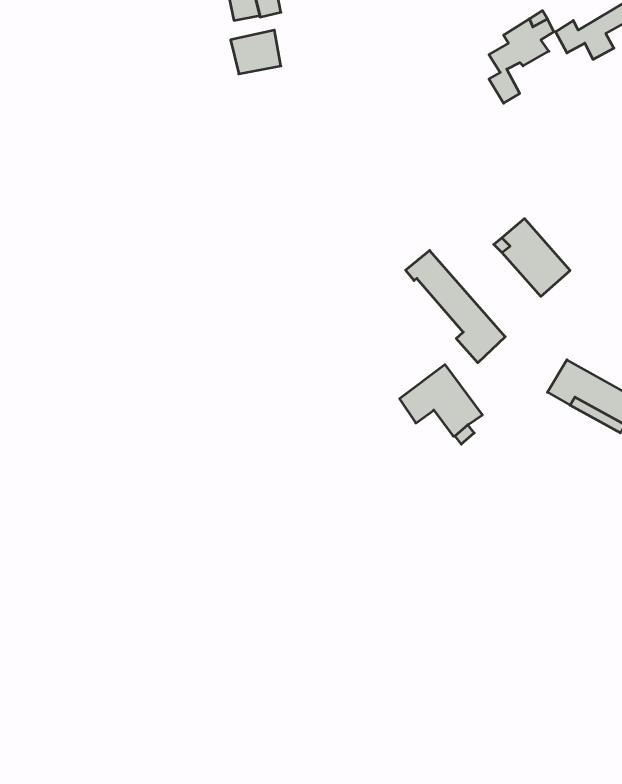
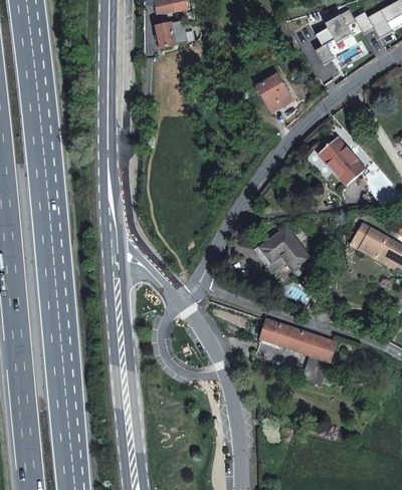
building: none -> [257,74,290,110]
building: [406,250,505,363] -> none
building: none -> [259,318,335,386]

